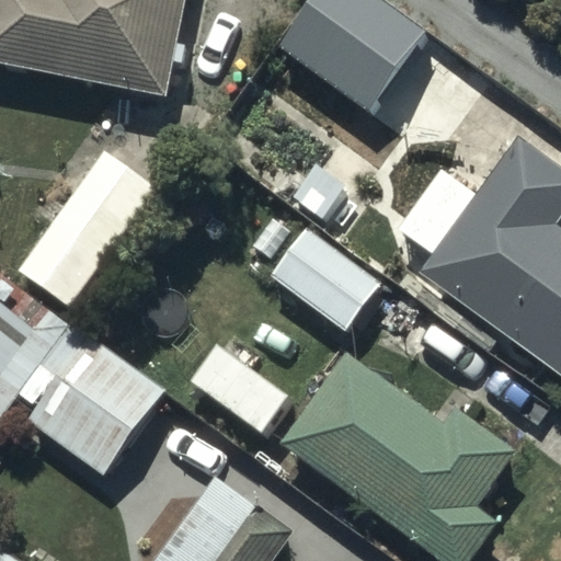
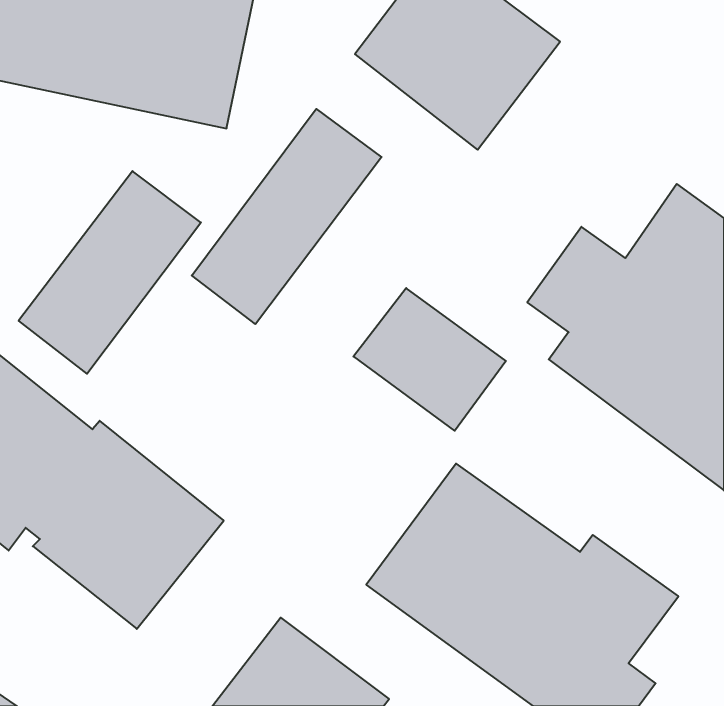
building: none -> [192,109,382,324]

